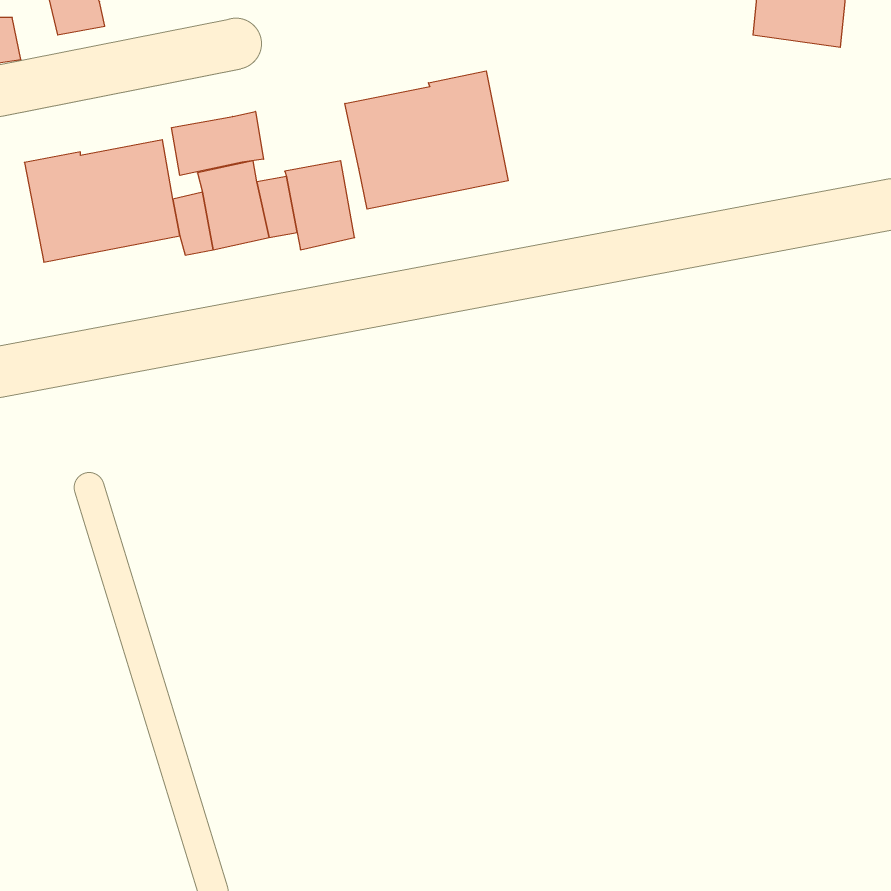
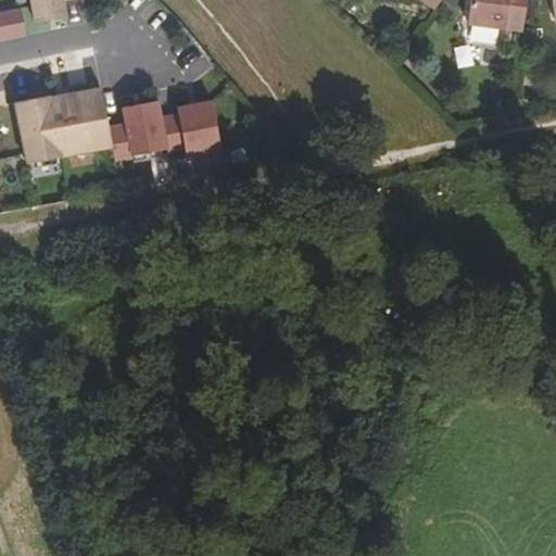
building: [345,71,508,209] -> none
building: [172,111,264,175] -> none

